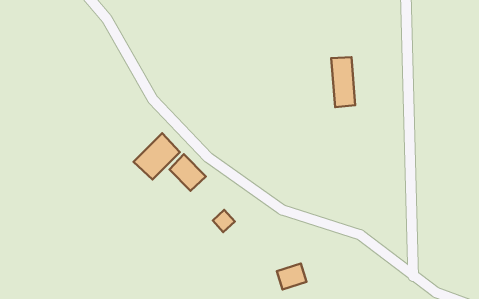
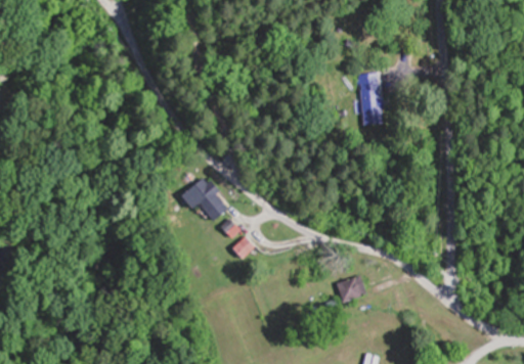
building: [133,133,180,179] -> none
building: [277,263,307,289] -> [336,275,367,303]

